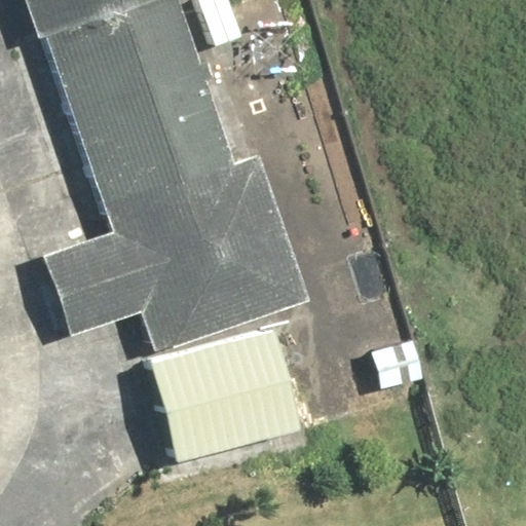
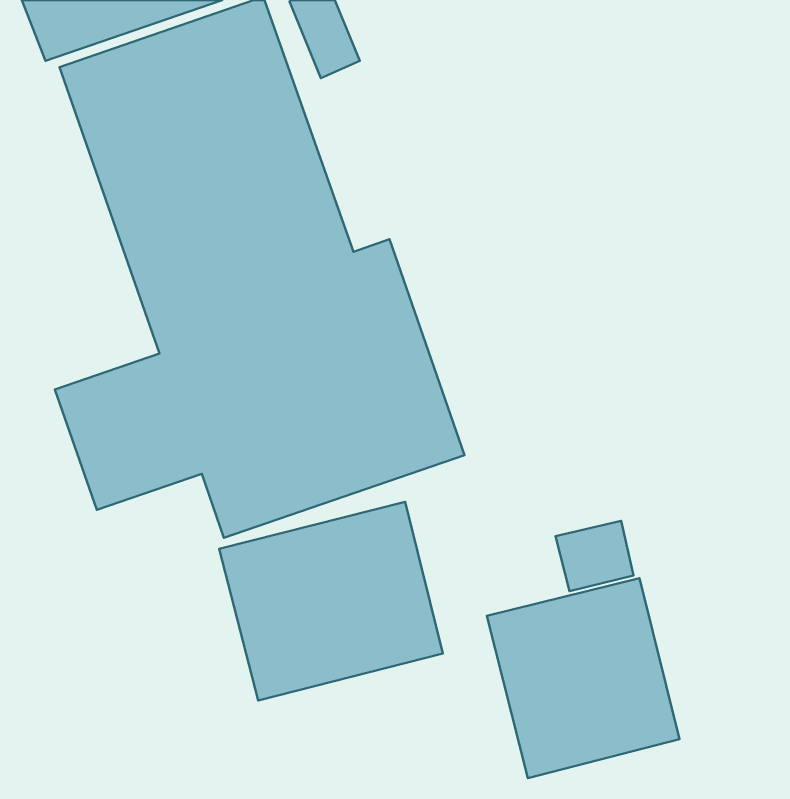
building: none -> [487,578,680,778]

